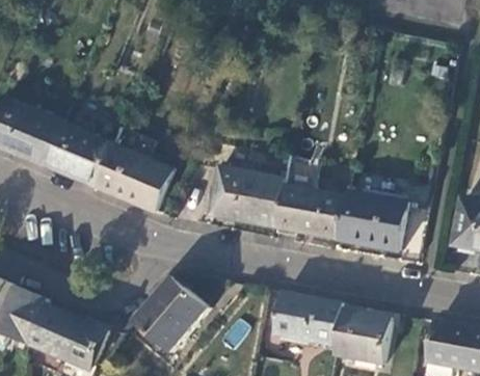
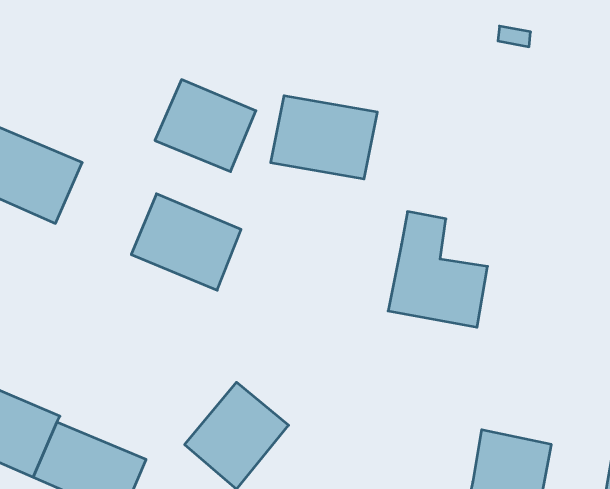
building: [44,123,114,187] -> [155,80,256,172]
building: [211,168,286,226] -> [271,96,377,179]
building: [339,190,408,249] -> none
building: [274,294,343,346] -> none

